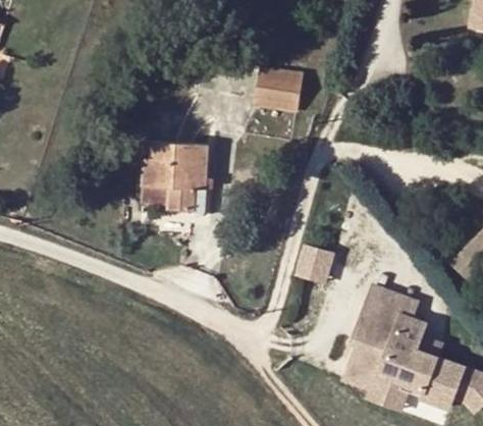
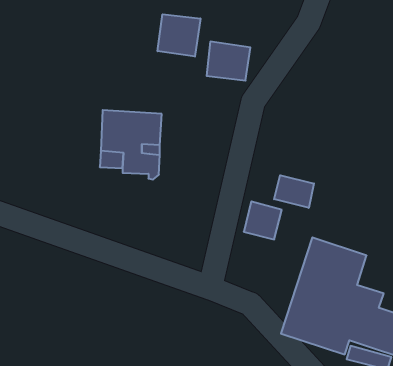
building: none -> [158,14,200,57]
building: none -> [274,175,314,208]

